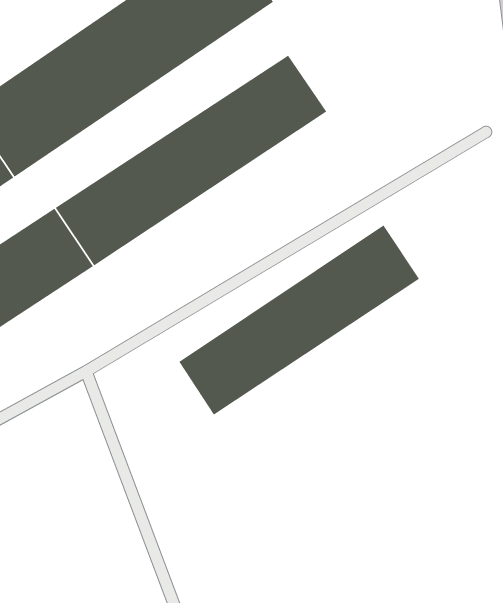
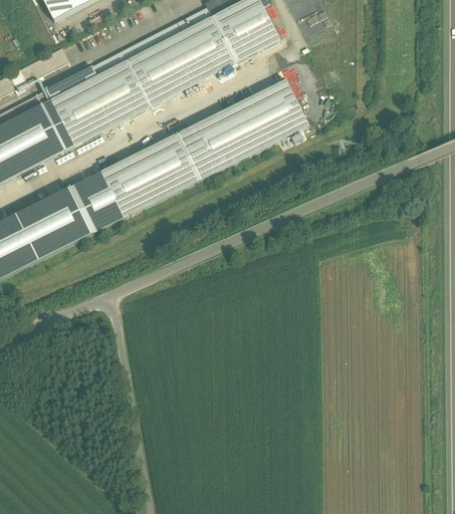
building: [179,224,420,416] -> none

